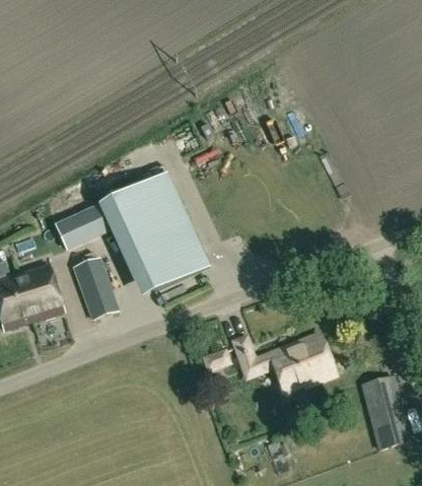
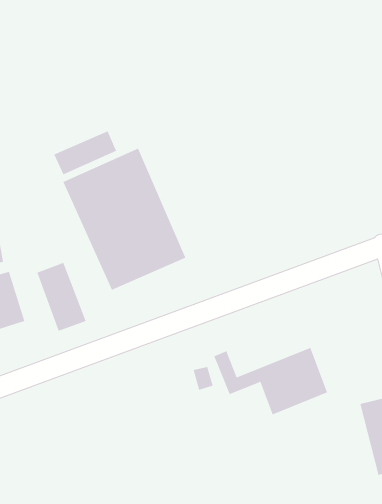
building: none -> [54,131,117,175]
building: [56,213,99,254] -> none

